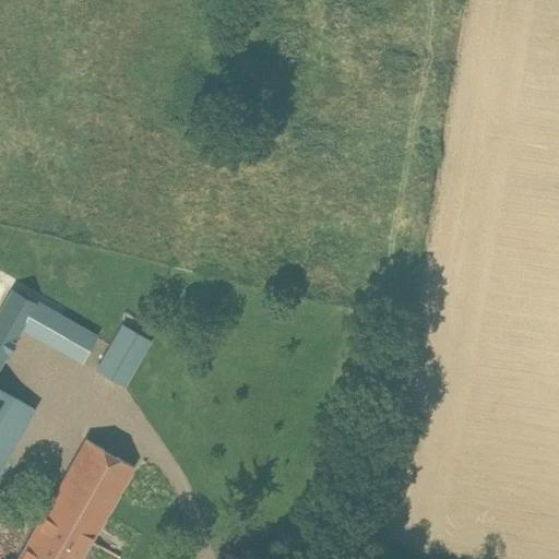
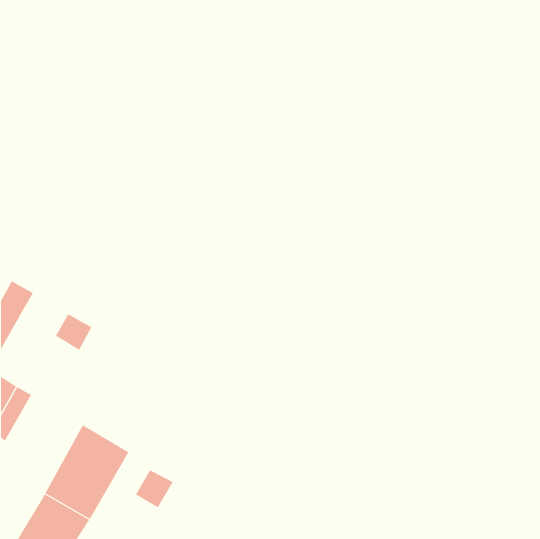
building: [22,305,71,348] -> none
building: [98,326,150,388] -> none
building: none -> [135,469,174,508]

